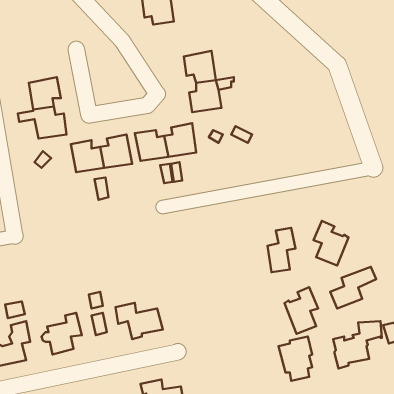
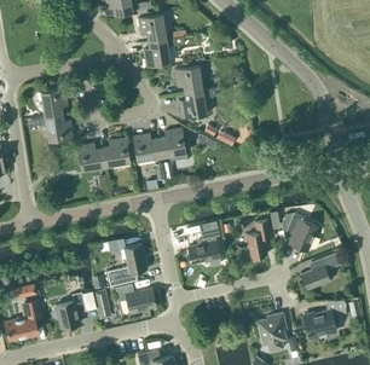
building: none -> [143,40,170,68]
building: none -> [187,228,220,266]
building: none -> [106,244,148,286]
building: [285,287,318,334] -> none

